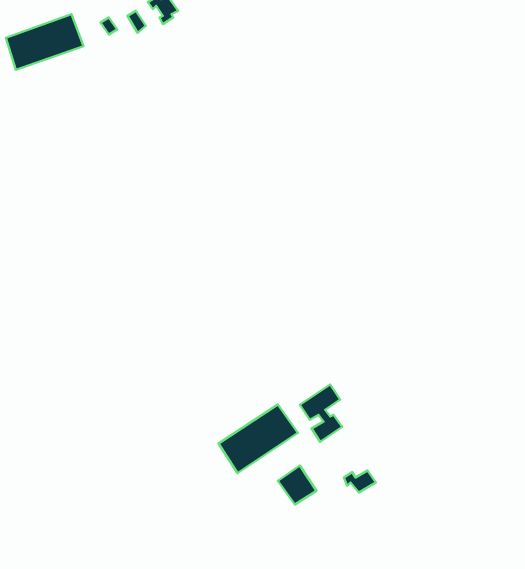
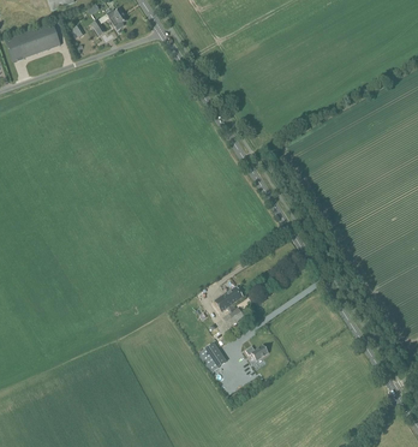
building: [219,405,298,473] -> none

